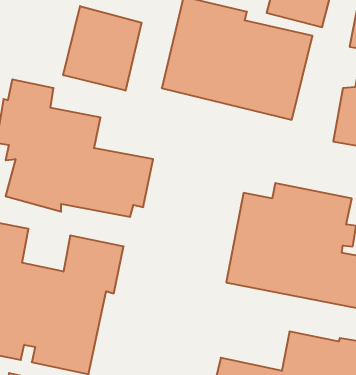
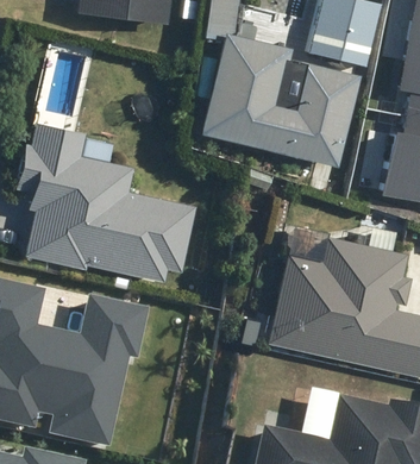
building: [63,6,142,91] -> none

